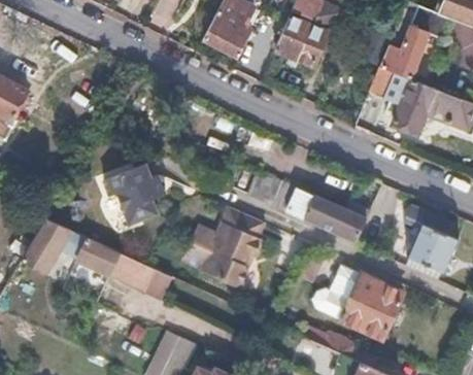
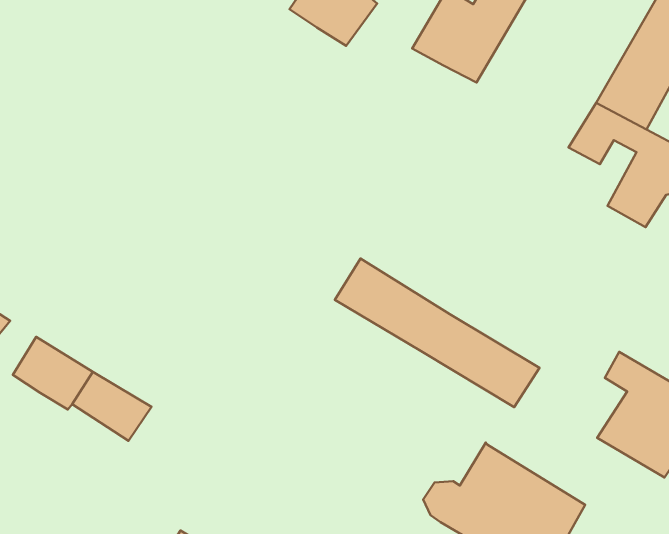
building: [104,164,167,225] -> none
building: [194,203,249,279] -> none

